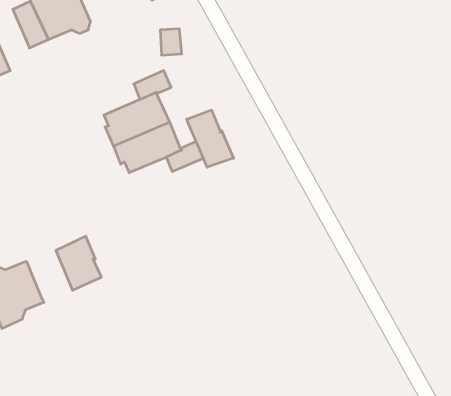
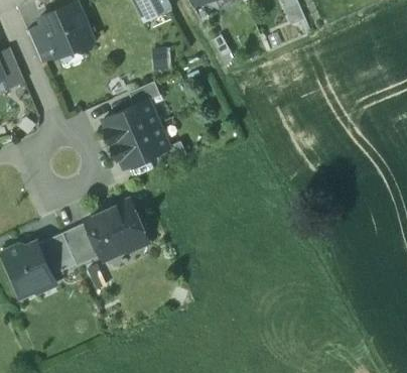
building: [187,110,234,167] -> none
building: none -> [88,200,146,260]
building: none -> [39,233,77,274]

